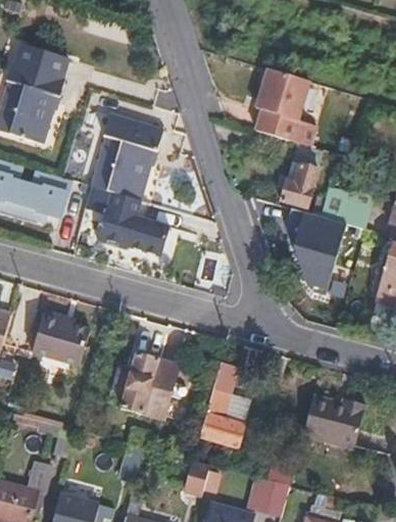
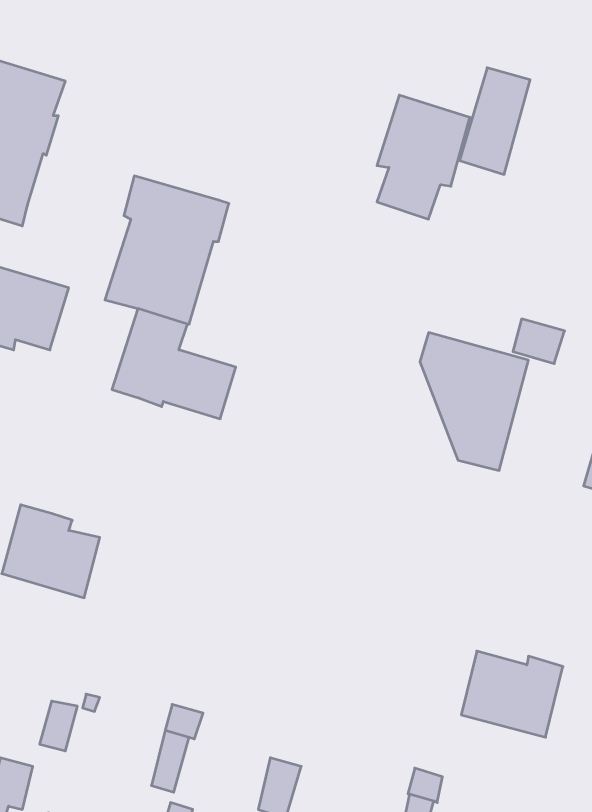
building: [279,144,320,207] -> [459,68,530,174]
building: [115,354,180,422] -> none
building: [200,363,241,446] -> none

